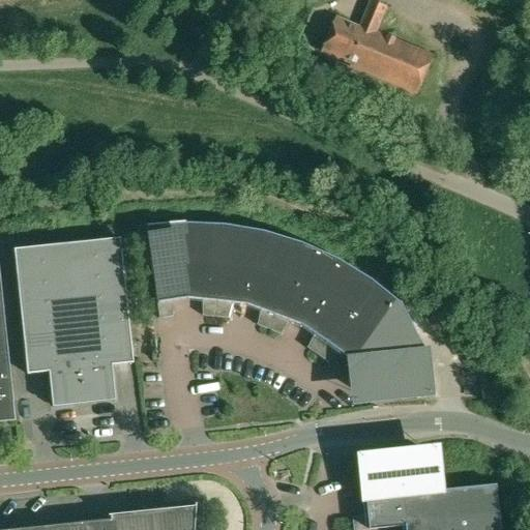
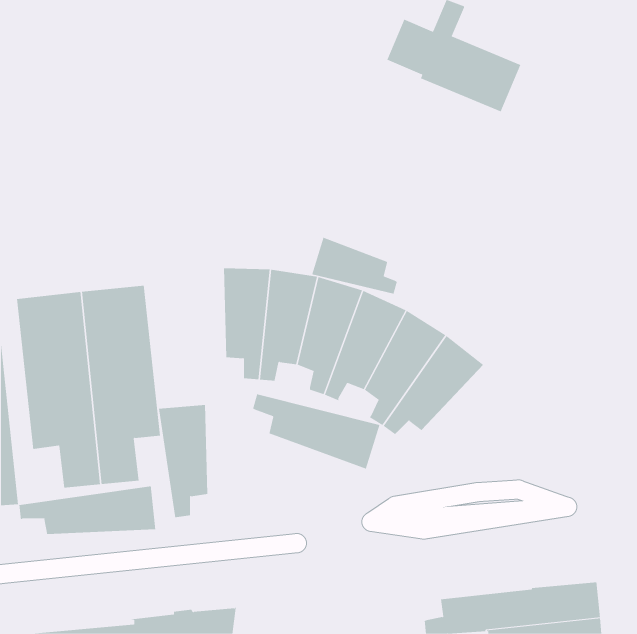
building: none -> [311,237,398,295]
building: [146,223,187,317] -> [158,405,208,518]
building: [350,303,430,402] -> none
building: none -> [253,393,380,470]
building: none -> [19,485,156,535]
building: [361,446,441,498] -> none

